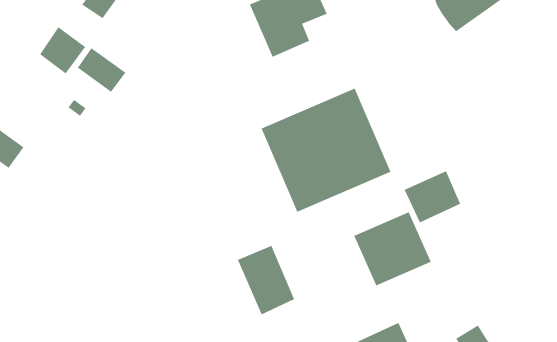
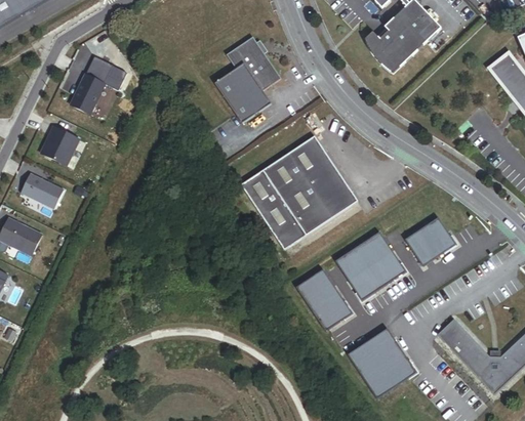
building: [77,47,127,93] -> [21,172,64,208]
building: [404,170,461,223] -> [404,215,455,264]
building: [237,245,295,315] -> [295,268,351,330]

